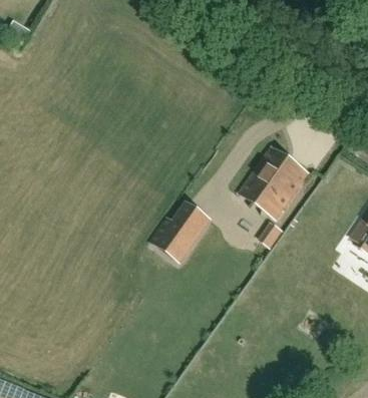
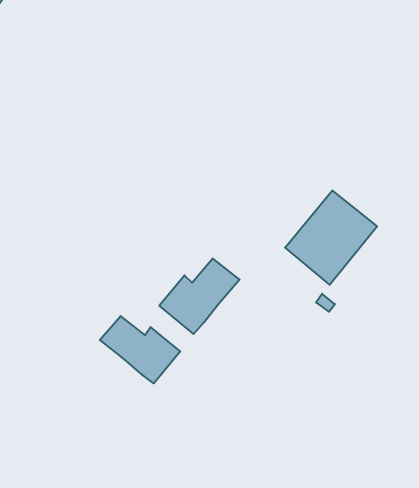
building: none -> [100,316,180,383]

